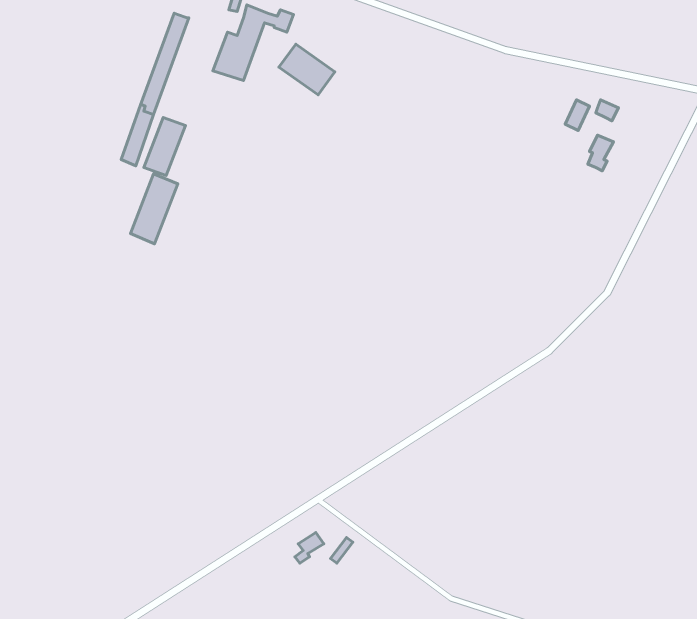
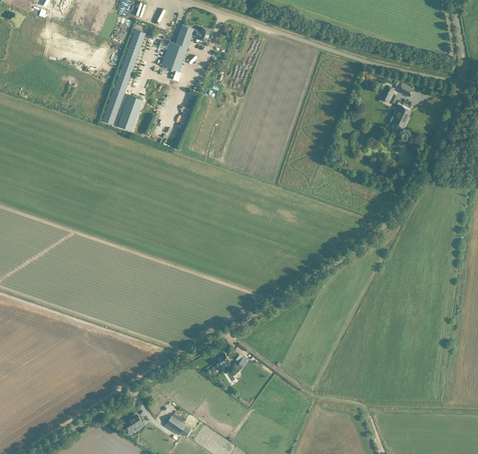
building: [279,44,335,95] -> none
building: [130,174,178,244] -> none

